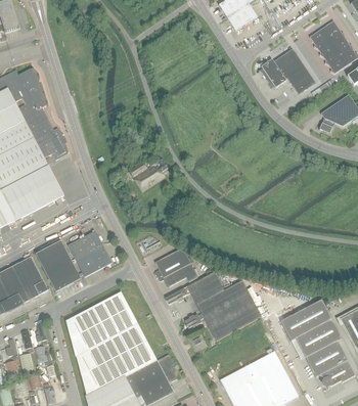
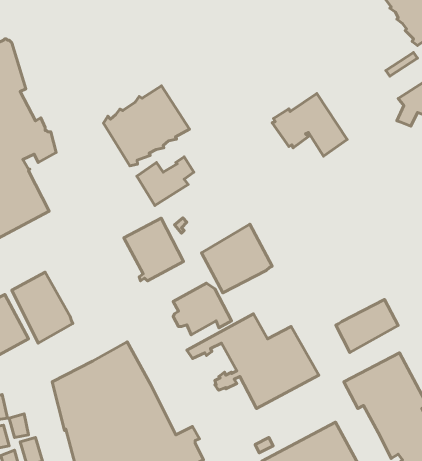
building: [260,48,315,94] -> [272,94,347,156]
building: none -> [103,86,189,166]
building: none -> [201,224,272,293]
building: [68,230,111,276] -> [124,218,183,281]
building: none -> [336,300,398,353]

